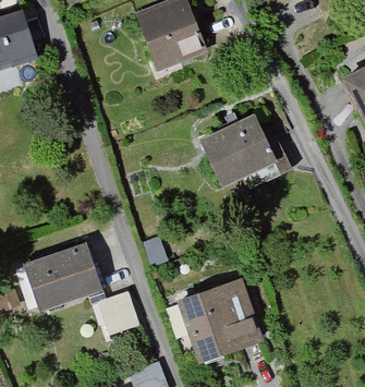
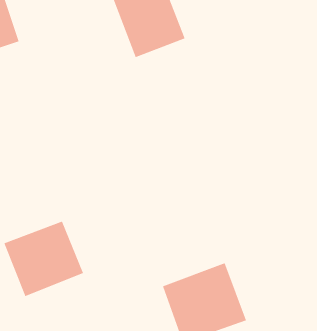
building: [205,116,287,194] -> none
building: [94,291,136,337] -> none

